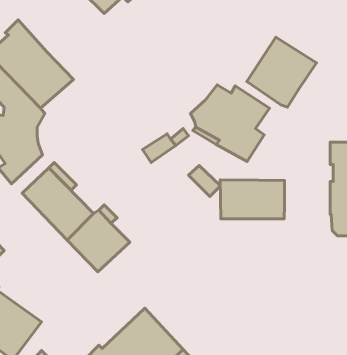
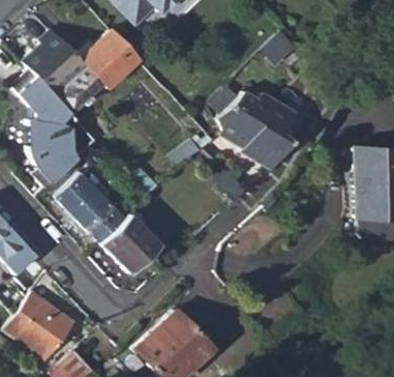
building: none -> [81,28,142,88]
building: [247,37,317,107] -> none
building: [220,180,285,219] -> none

